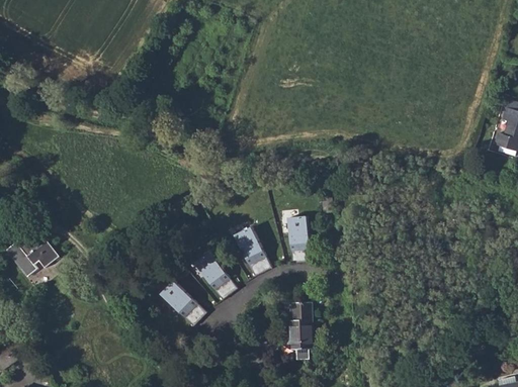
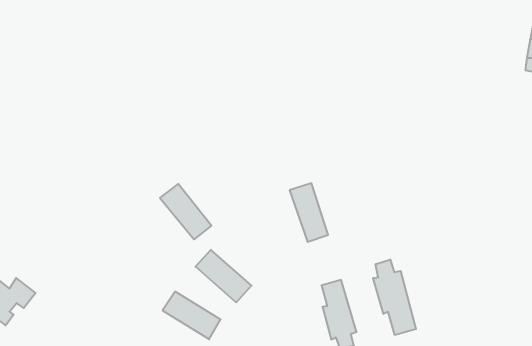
building: [230,222,269,271] -> [160,184,211,239]
building: none -> [373,259,416,335]

